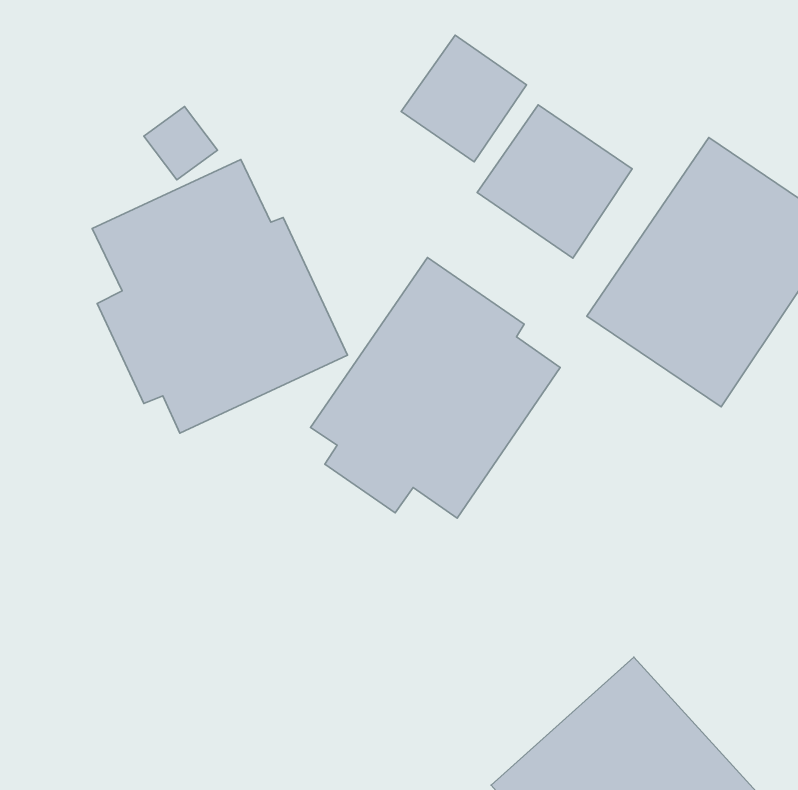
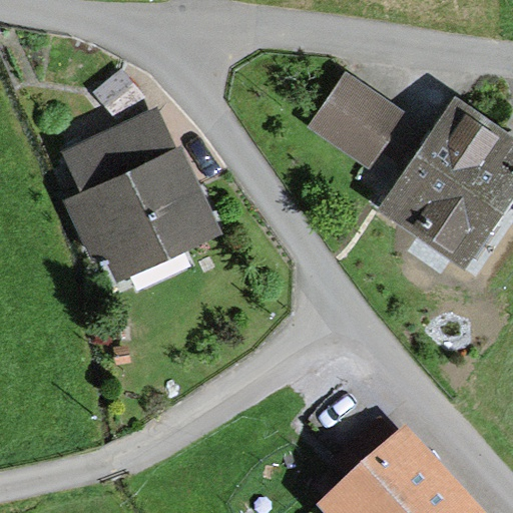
building: [401,35,526,162] -> none
building: [311,258,560,518] -> none

